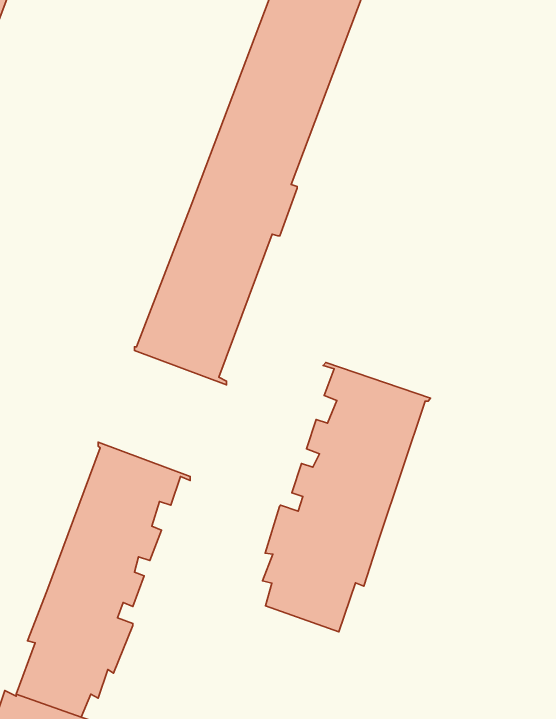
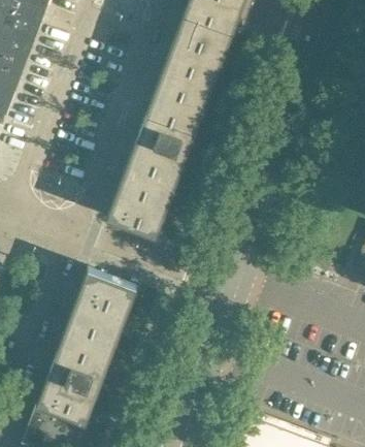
building: [263,363,431,632] -> none

